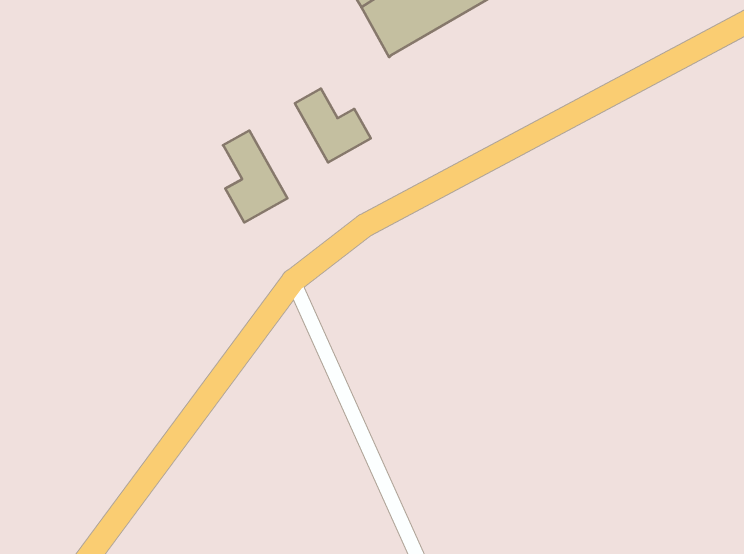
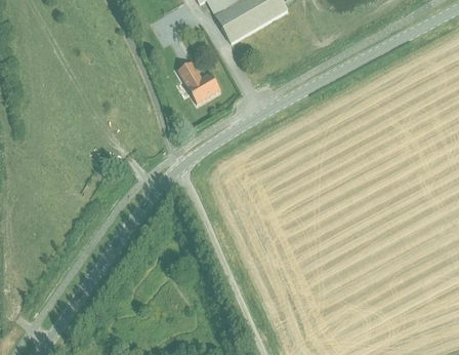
building: [223,131,287,222] -> none

